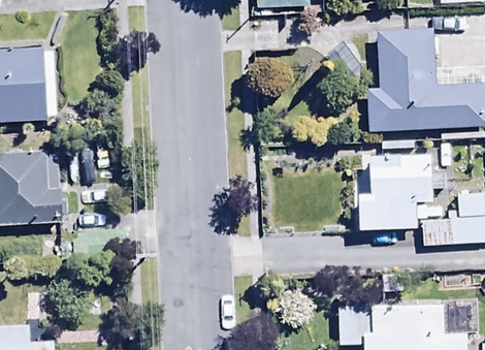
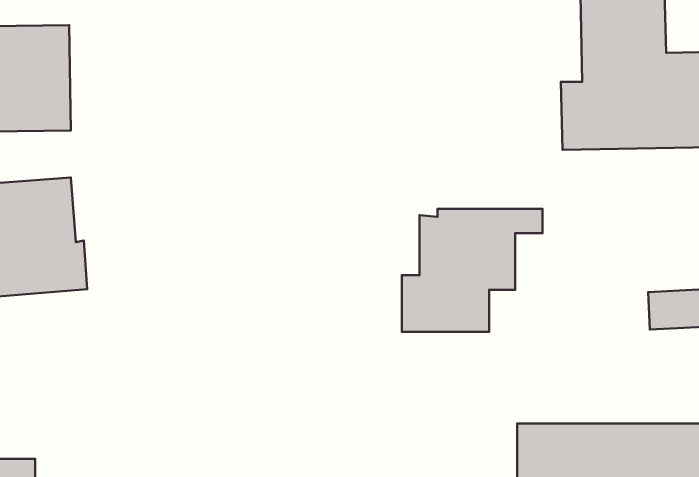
building: [359,151,449,229] -> [402,209,543,332]

